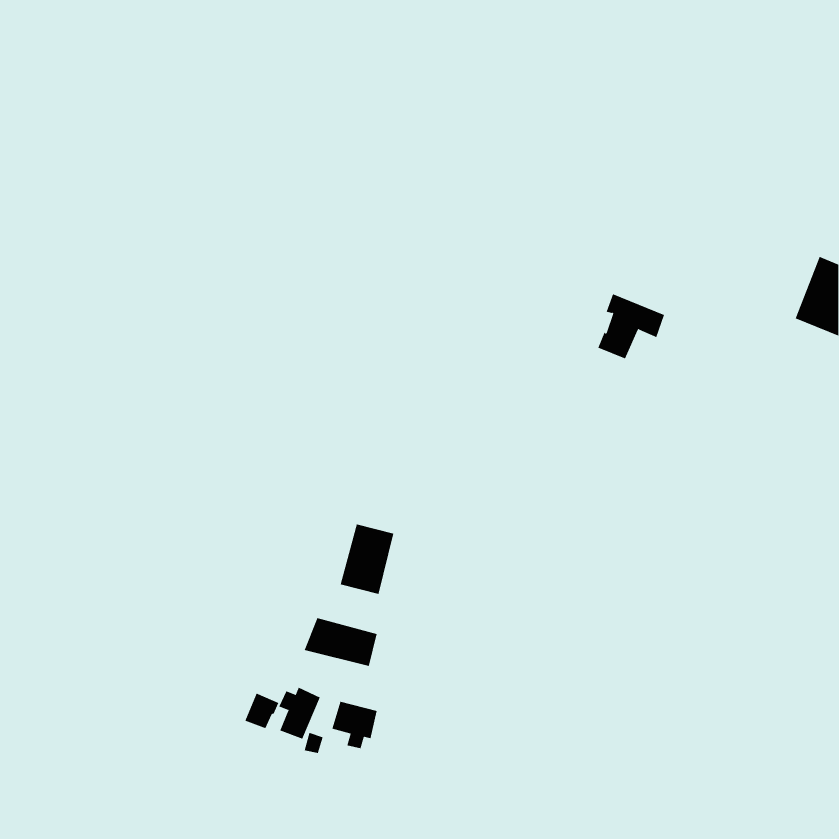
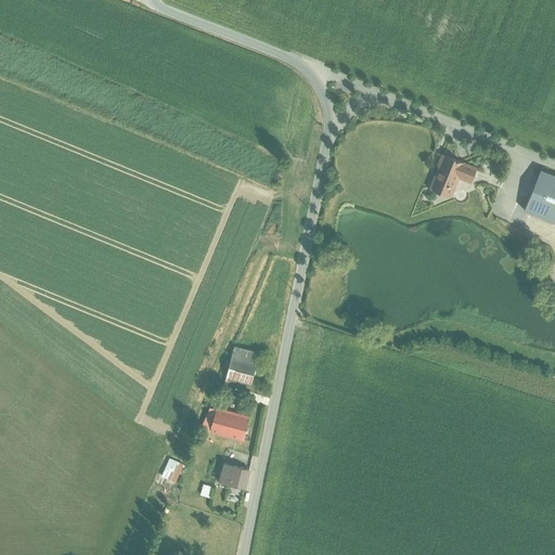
building: [598,294,665,359] -> [433,154,477,197]
building: [279,687,320,740] -> none

